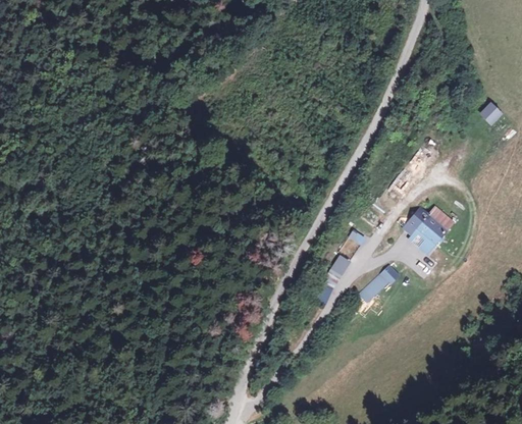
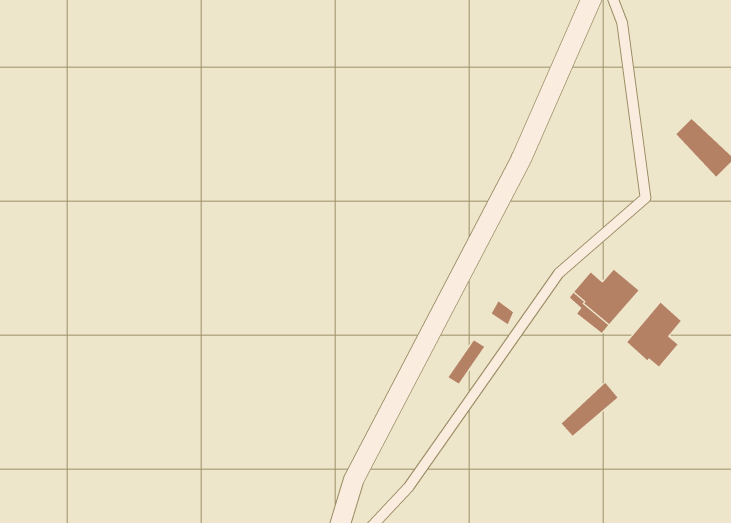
building: none -> [626,302,681,367]
building: [359,264,400,303] -> [561,382,619,437]

